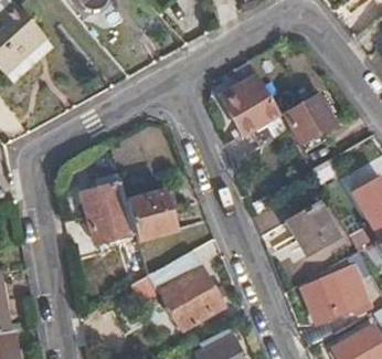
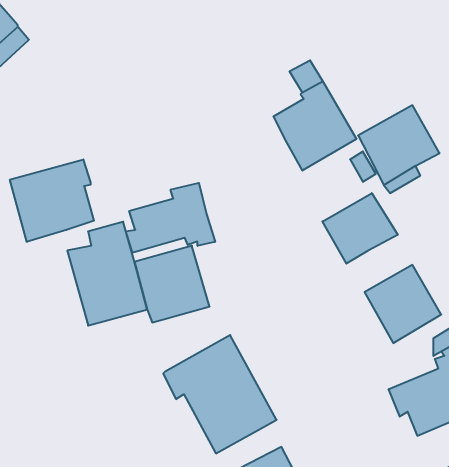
building: none -> [10,159,94,242]
building: none -> [126,183,215,253]
building: none -> [322,193,398,264]

